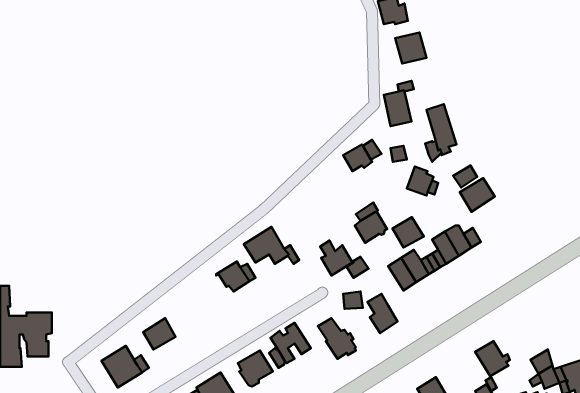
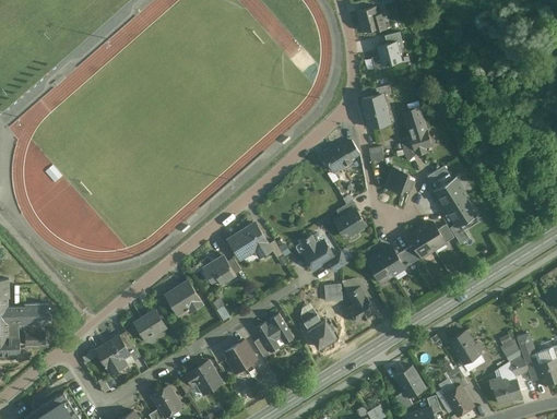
building: none -> [446,194,479,226]
building: [392,217,424,248] -> none
building: none -> [165,279,203,314]

